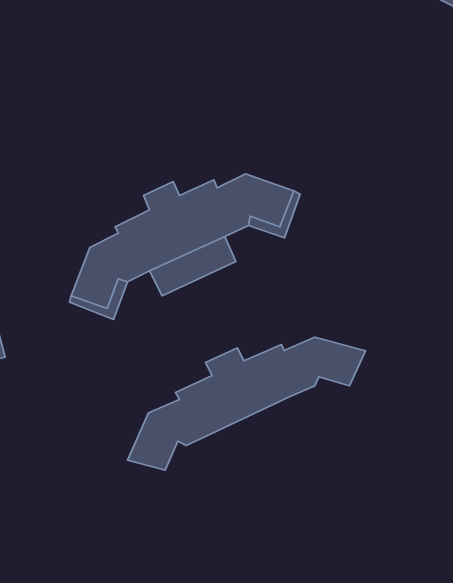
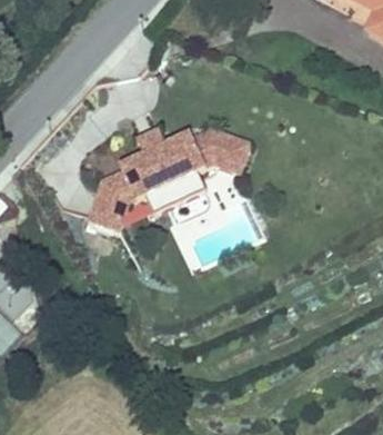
building: [127,337,365,470] -> none

